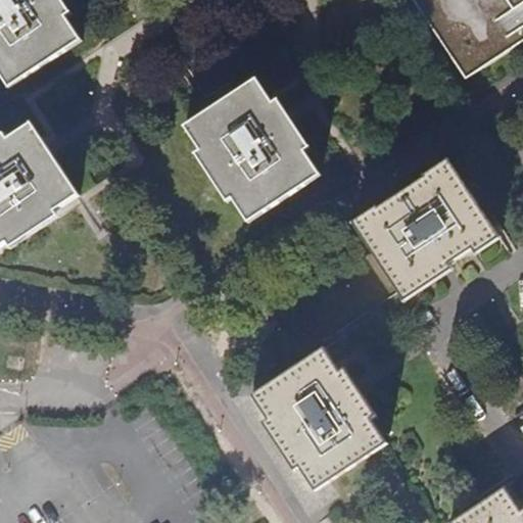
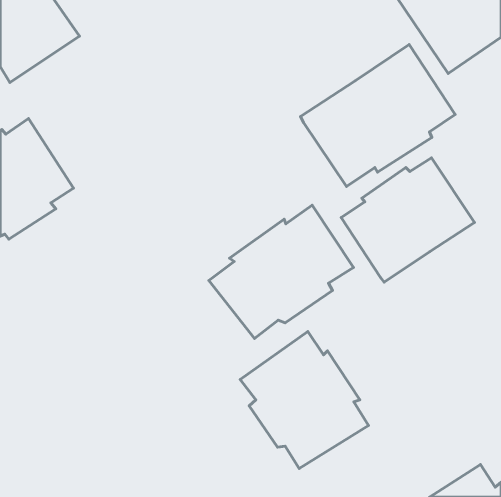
building: none -> [300,45,455,186]
building: [186,77,321,220] -> none
building: none -> [209,205,354,338]

